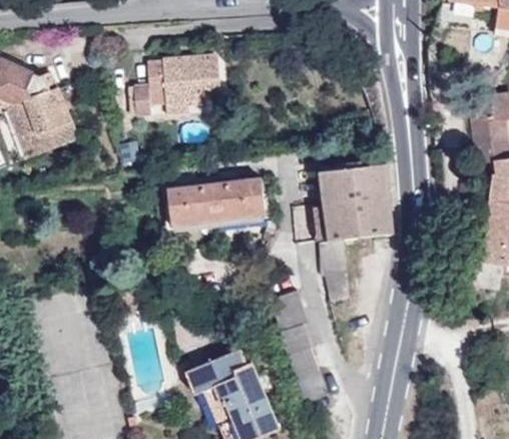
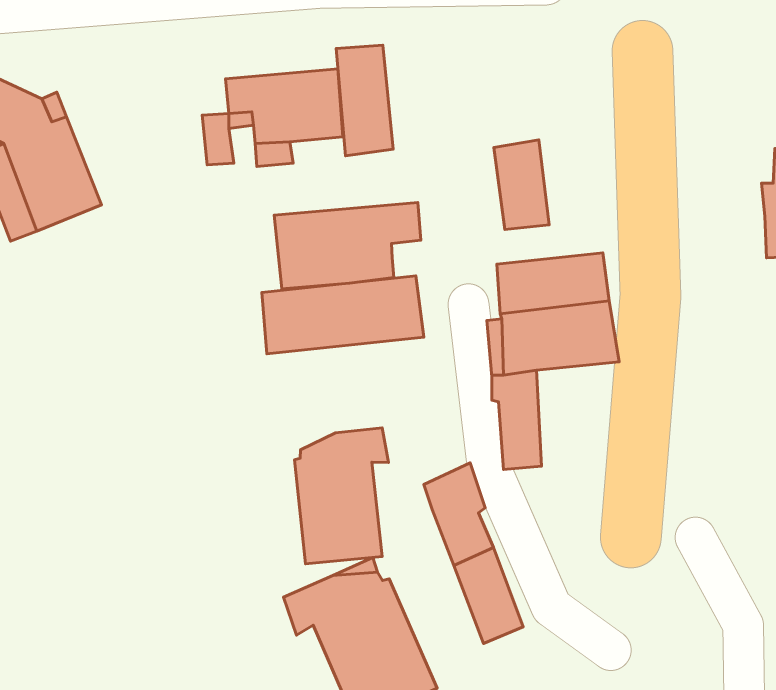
building: none -> [336,45,393,156]
building: none -> [494,140,549,229]
building: none -> [274,203,421,289]
building: none -> [295,428,389,564]

